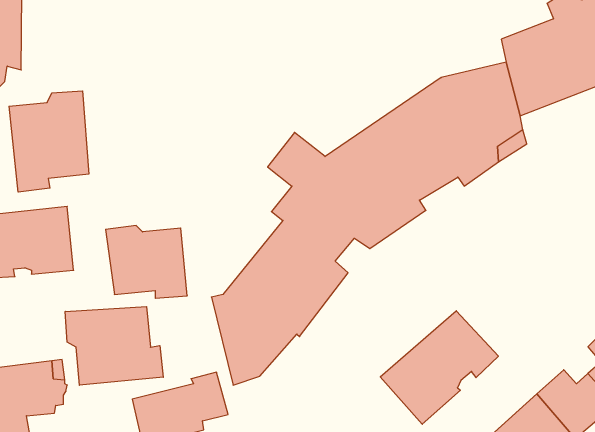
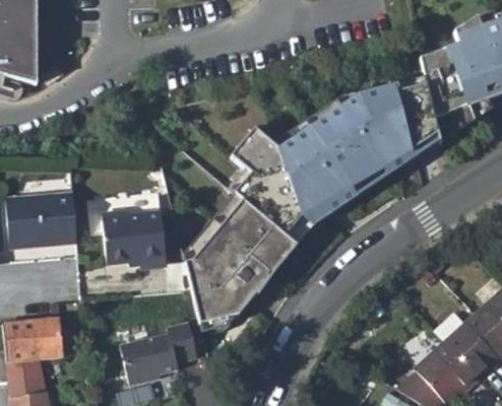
building: [9,91,89,192] -> none
building: [65,307,163,385] -> none
building: [380,311,498,424] -> none

